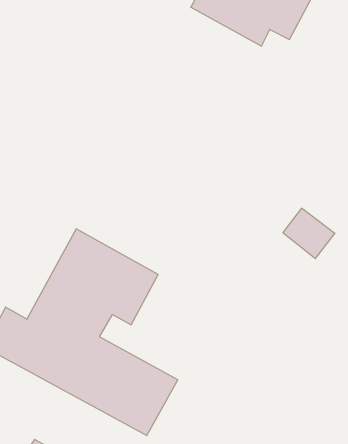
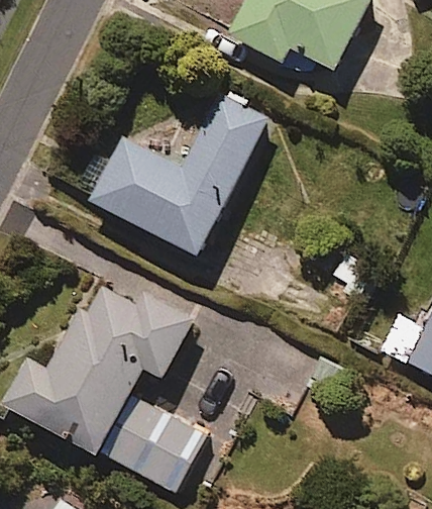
building: none -> [79,96,267,254]

